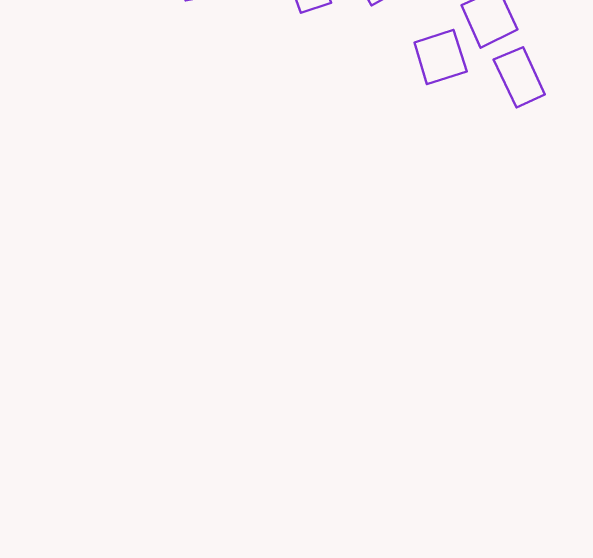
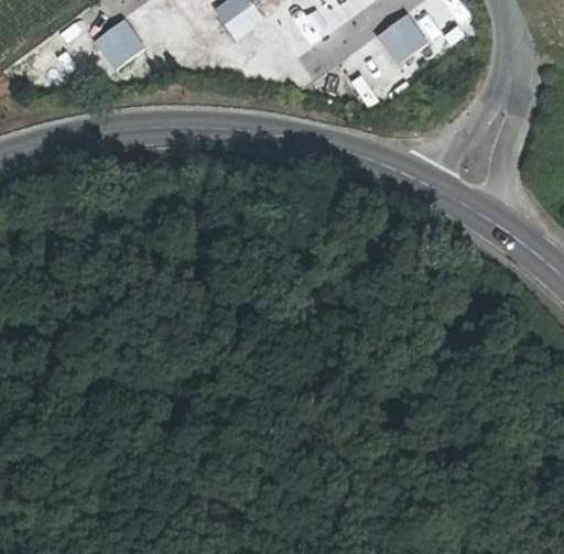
building: [494,47,545,107] -> none

